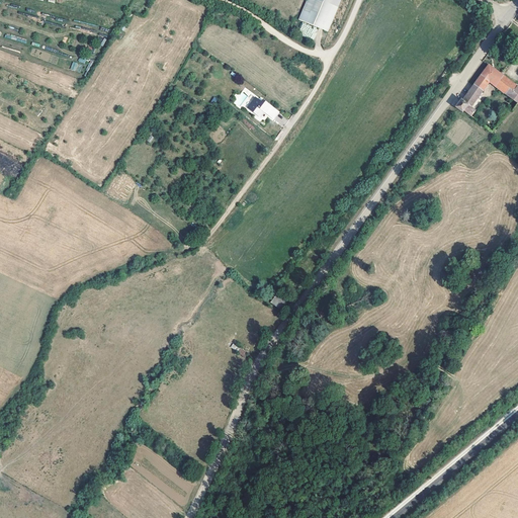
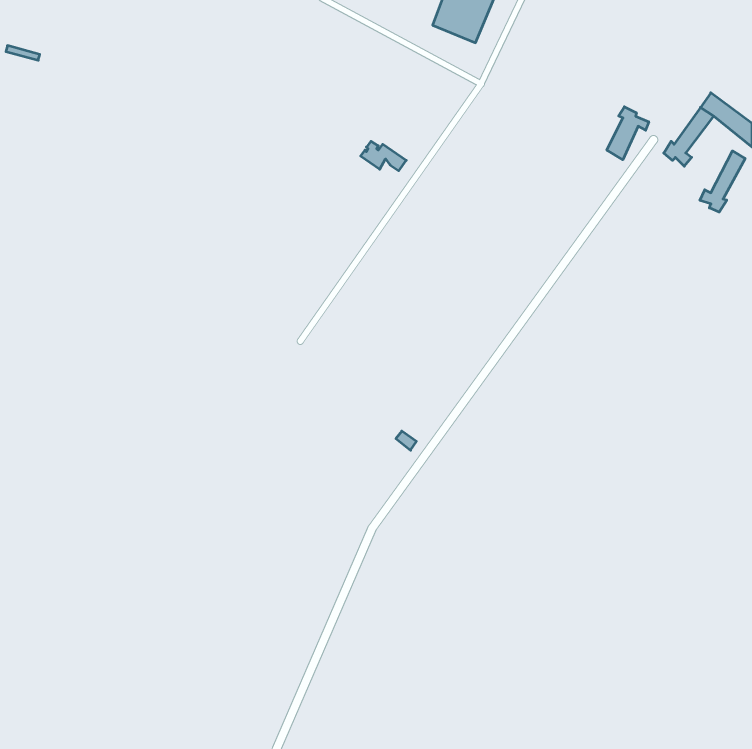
building: none -> [607,107,649,160]
building: none -> [700,151,745,212]

